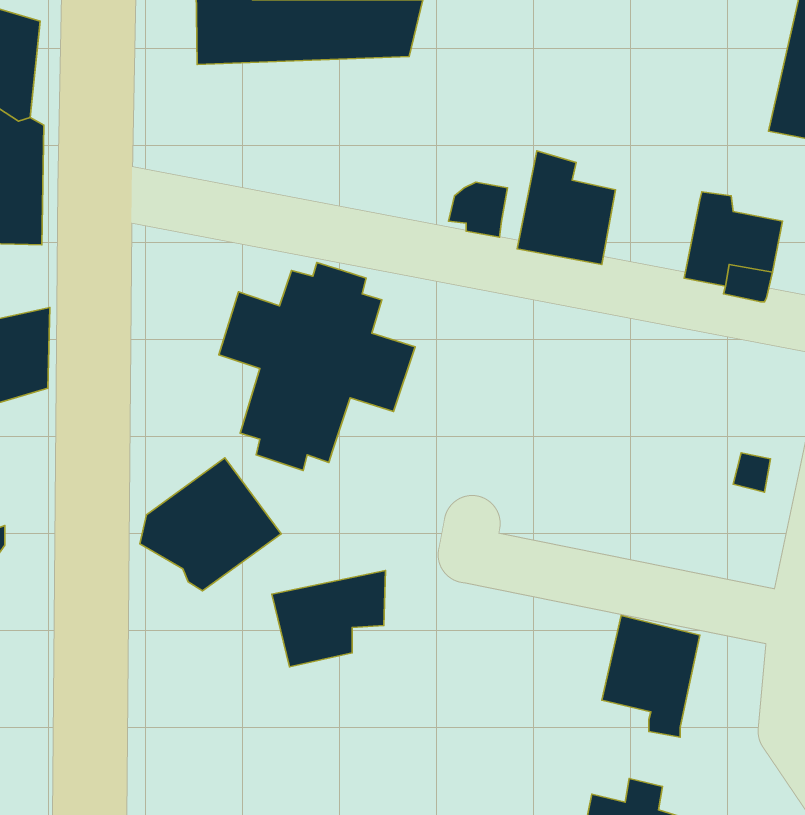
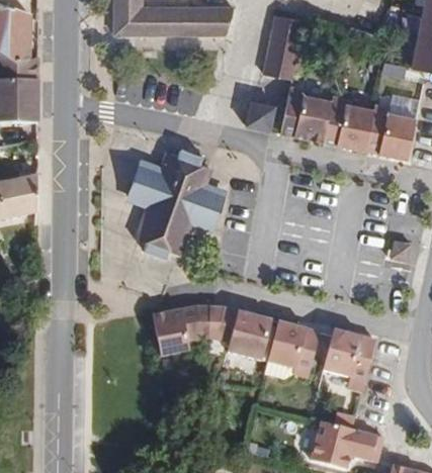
building: none -> [261,15,305,86]
building: none -> [324,99,374,152]
building: [140,458,281,591] -> none
building: none -> [211,302,270,355]
building: none -> [269,319,319,377]

